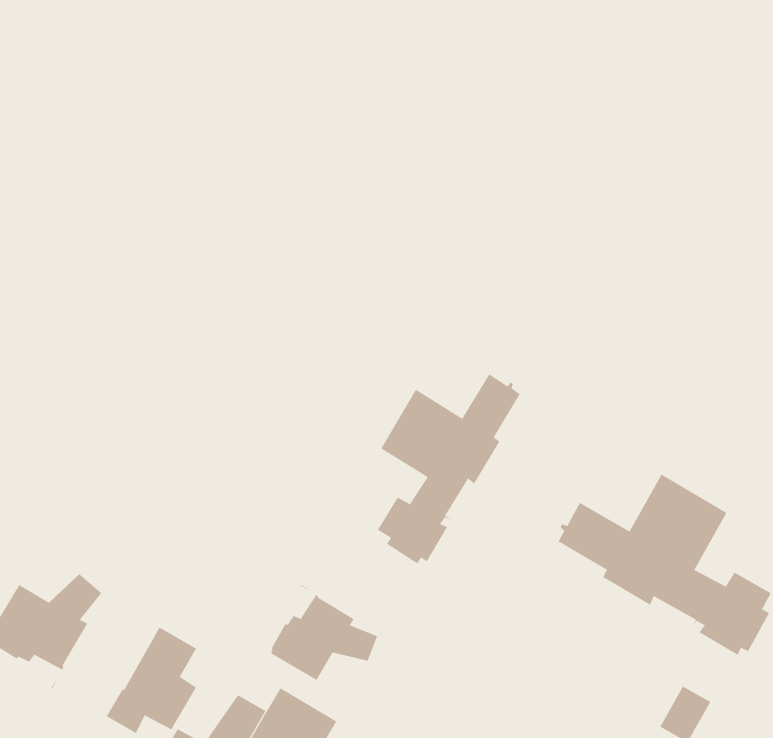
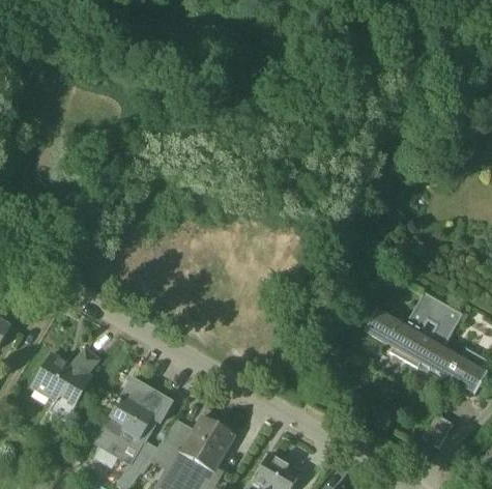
building: [377,373,520,564] -> none
building: [270,584,378,681] -> none

